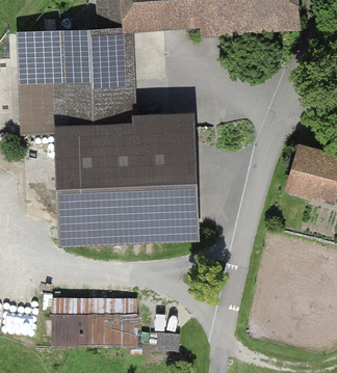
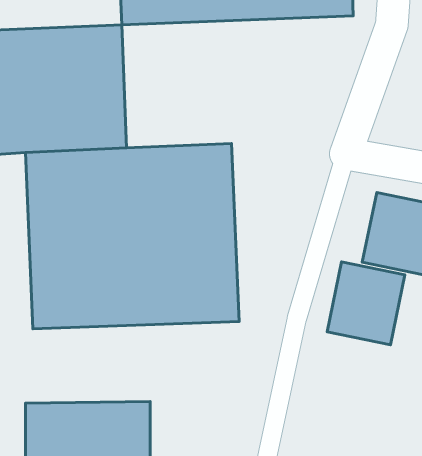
building: none -> [327,262,405,345]

